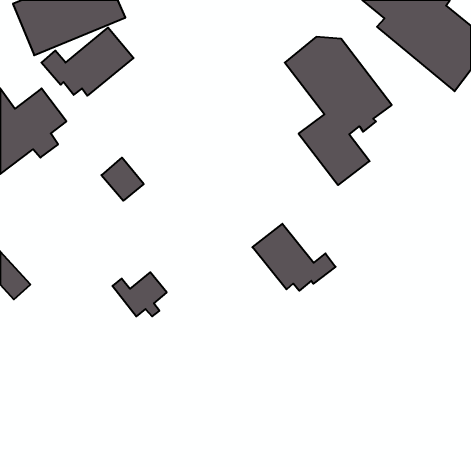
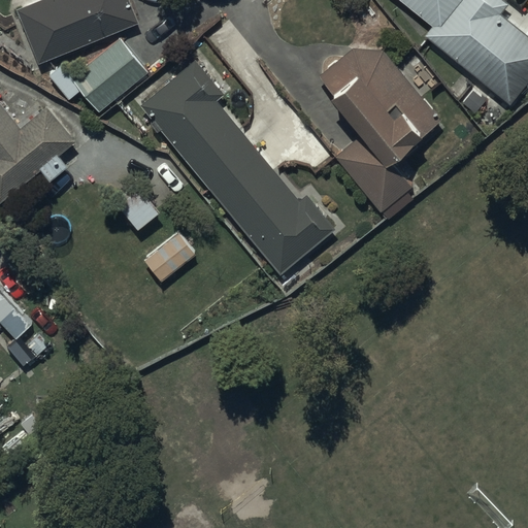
building: none -> [140,57,337,274]
building: [252,224,336,291] -> none
building: [112,272,167,316] -> [135,231,196,280]

